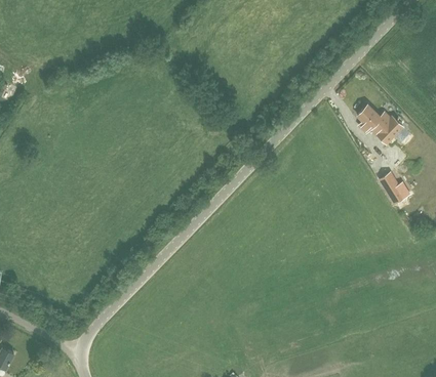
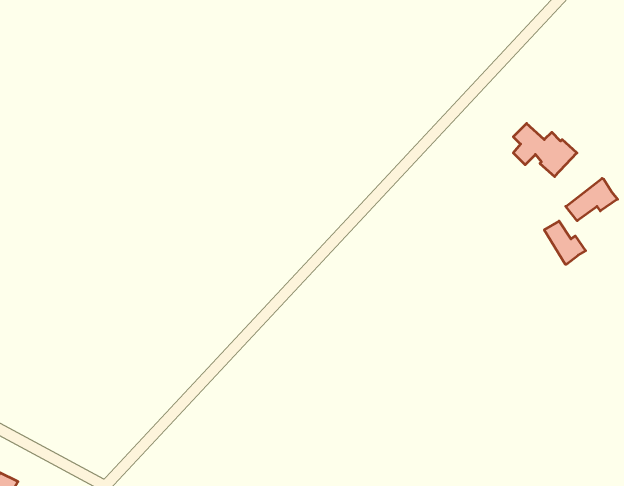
building: none -> [566,178,618,221]

